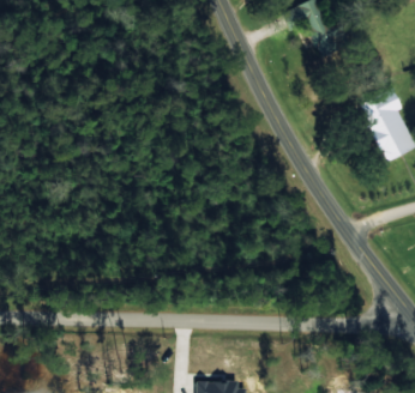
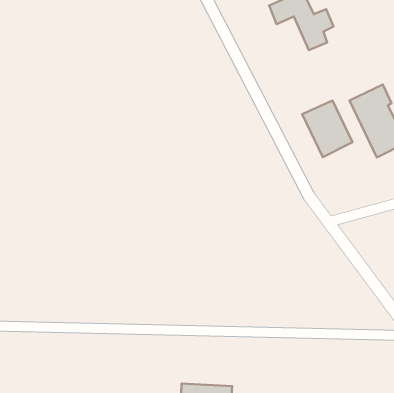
building: none -> [302,100,353,157]

